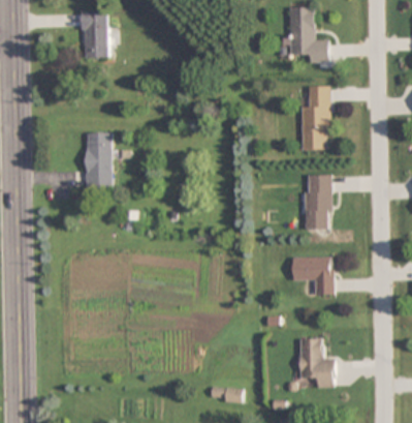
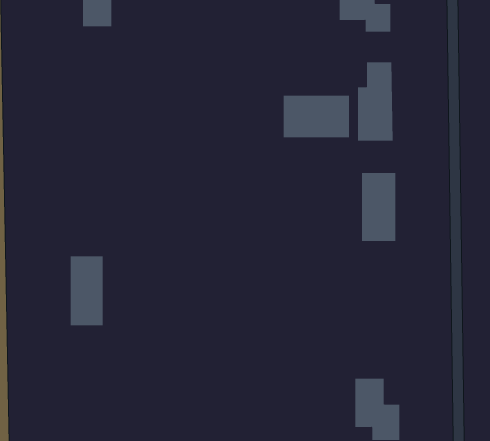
building: none -> [283,95,350,138]
building: [86,131,113,187] -> [70,256,104,326]
building: [291,256,332,295] -> none

